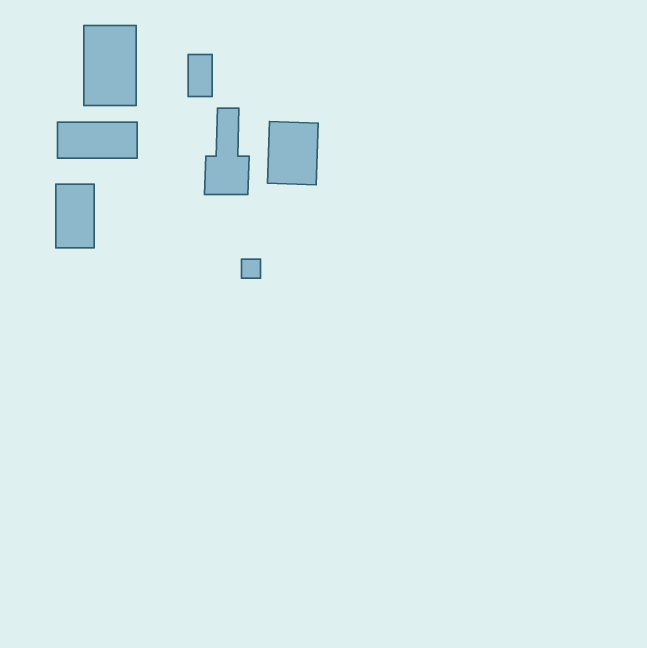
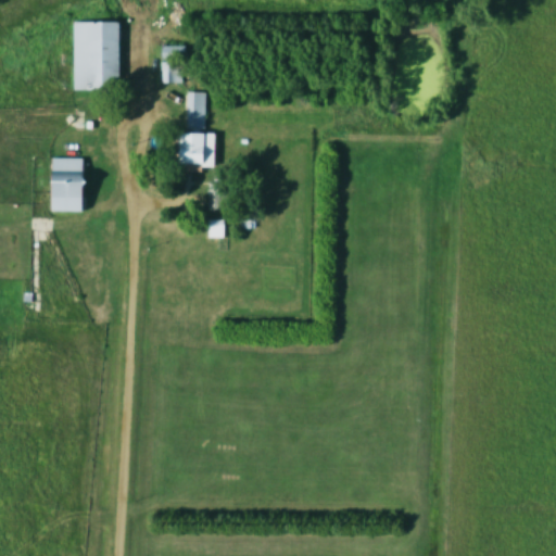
building: [267,121,318,185] -> none
building: [57,122,137,158] -> none

